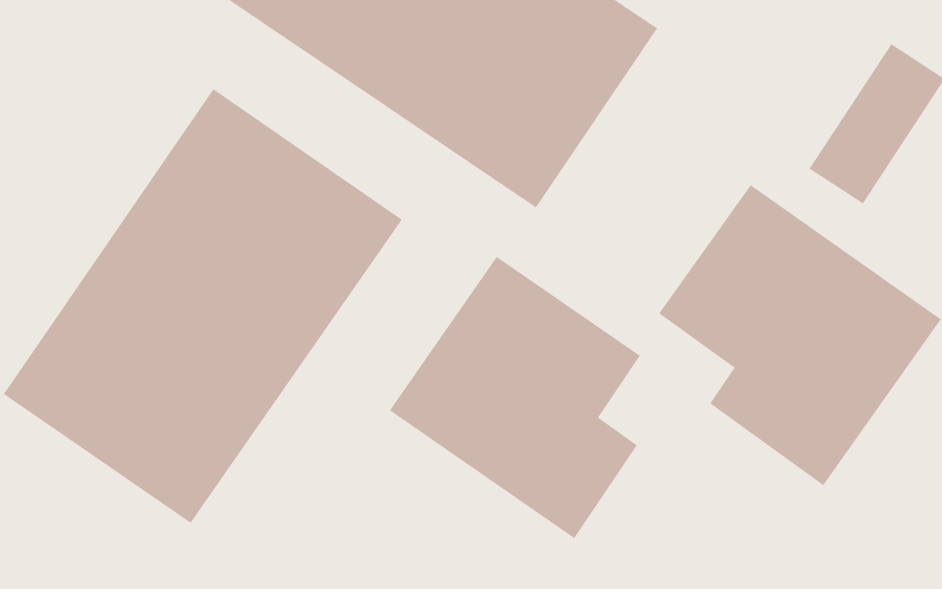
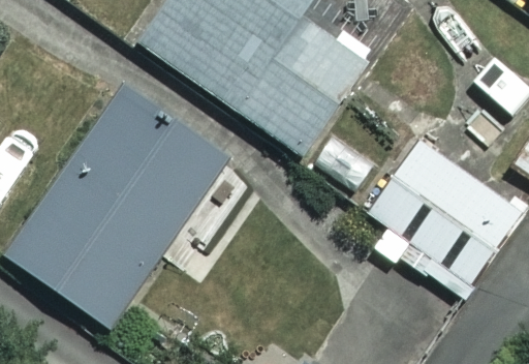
building: [389,256,641,539] -> none

